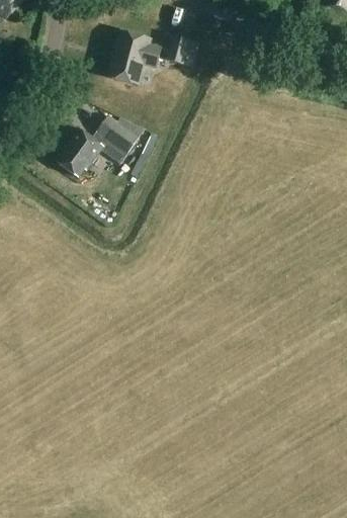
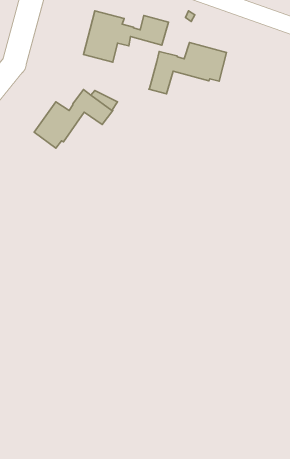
building: none -> [149,42,226,94]

